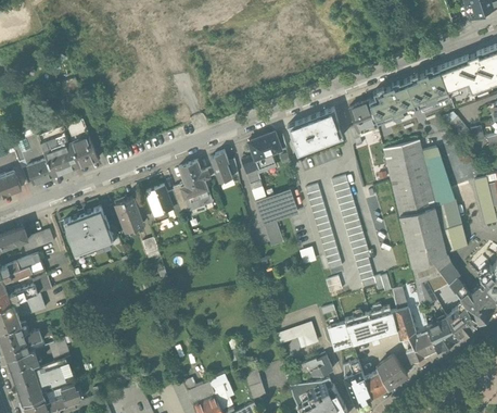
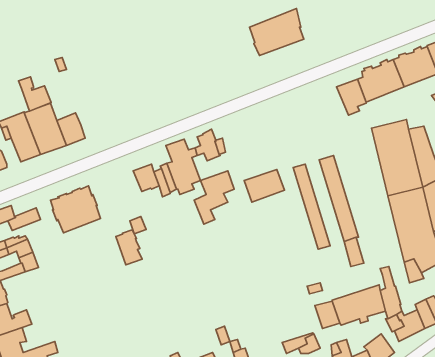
building: none -> [18,77,51,111]
building: [288,109,342,155] -> [250,9,304,55]
building: [241,132,281,185] -> [194,171,234,224]
building: [116,198,142,233] -> [116,230,142,265]
building: [273,321,317,347] -> none

